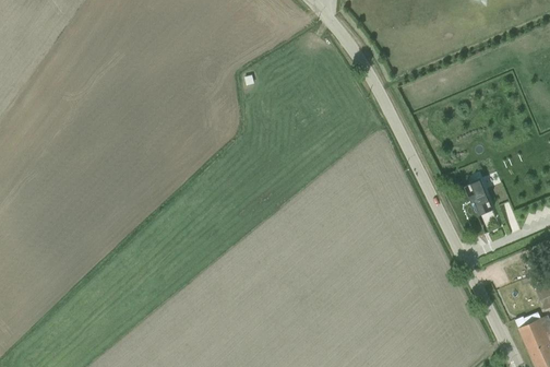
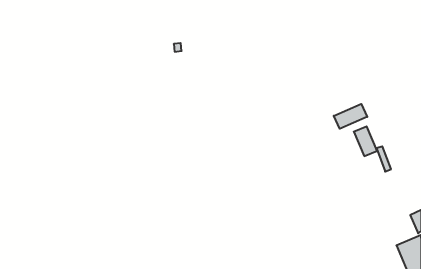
building: none -> [334,104,367,129]

